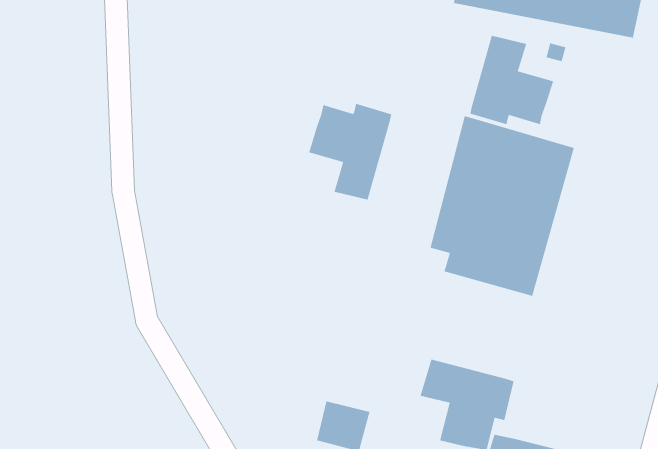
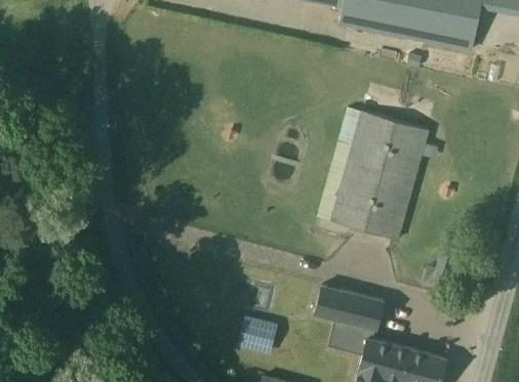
building: [470,35,554,125] -> none
building: [308,103,392,201] -> none

